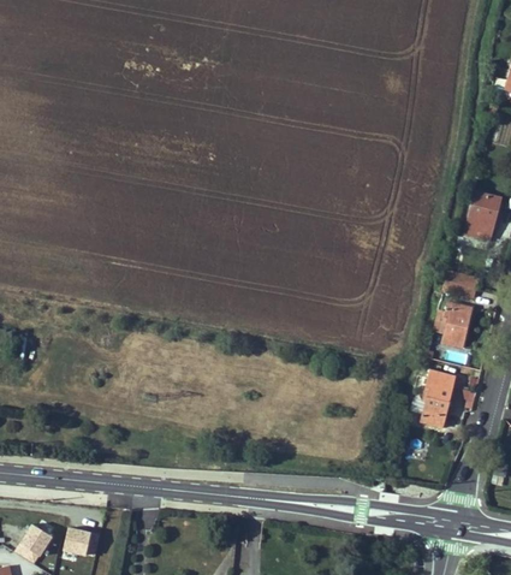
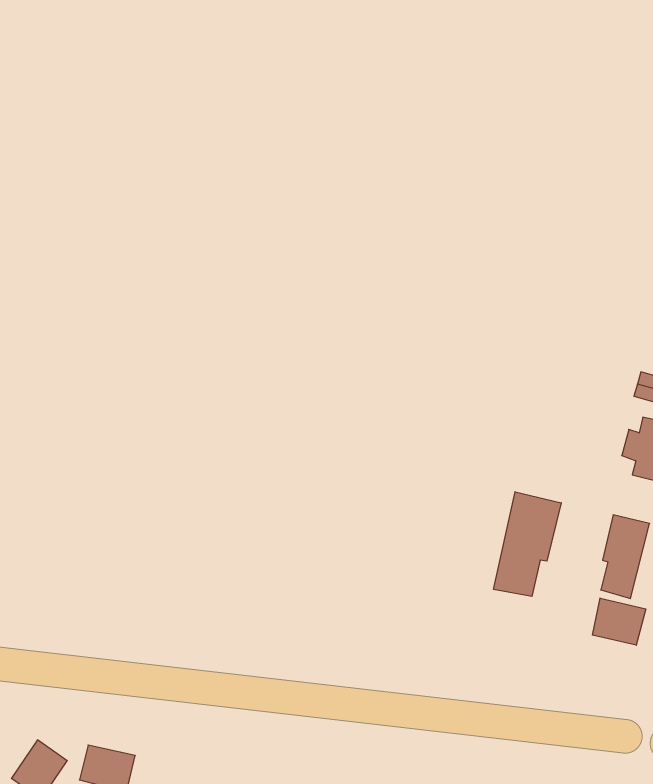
building: none -> [494,492,561,596]
building: none -> [592,598,646,645]

